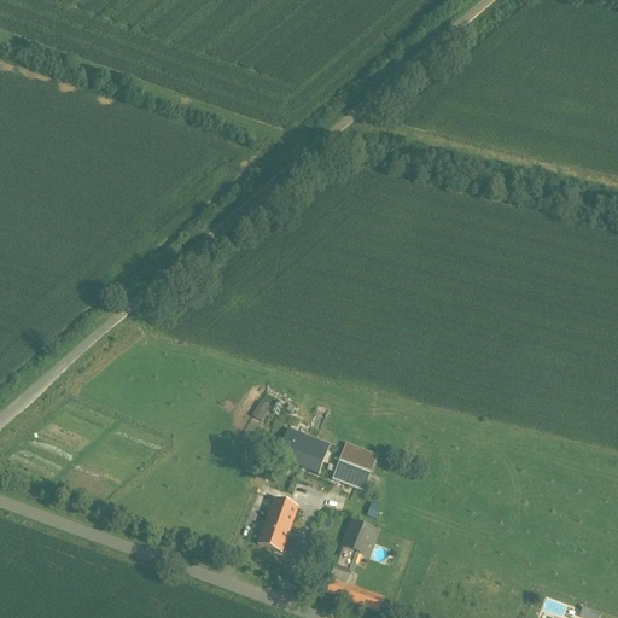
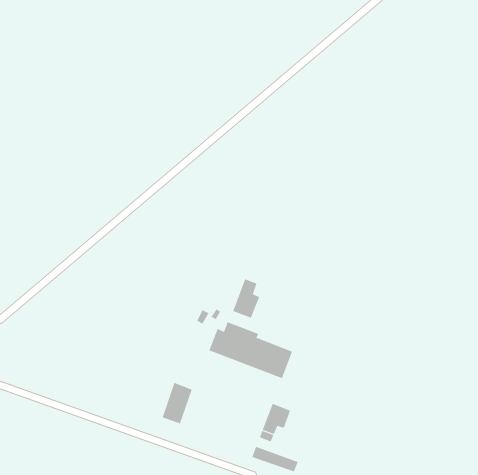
building: none -> [232,279,260,318]
building: [258,496,298,550] -> [162,382,193,424]

